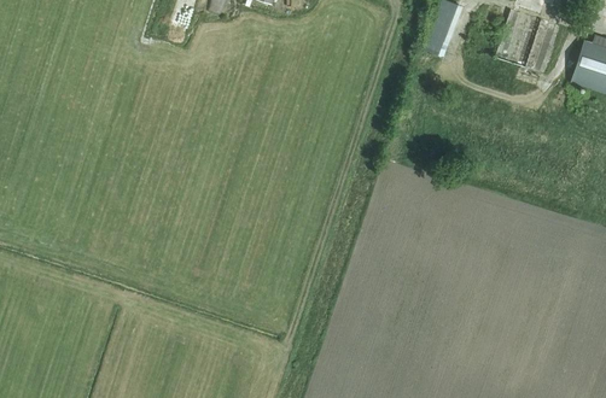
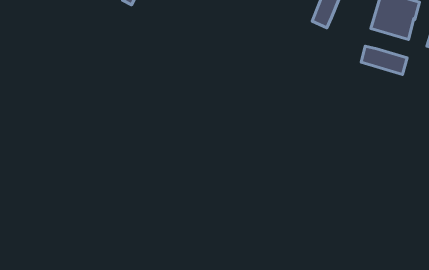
building: none -> [361,46,407,75]

